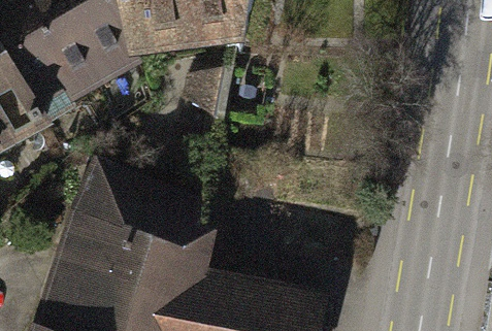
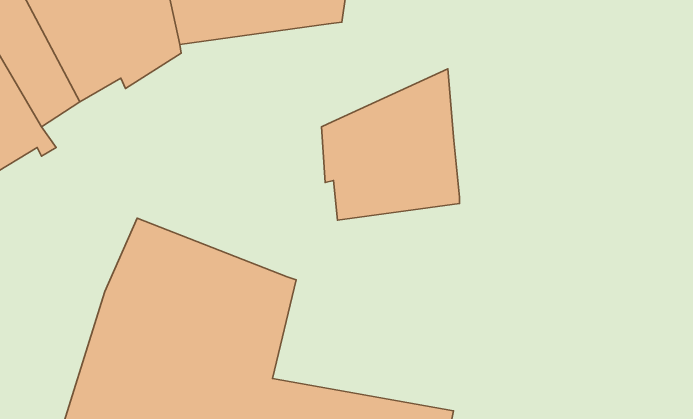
building: none -> [322,69,460,220]

